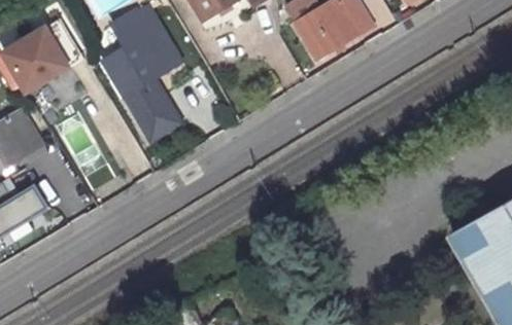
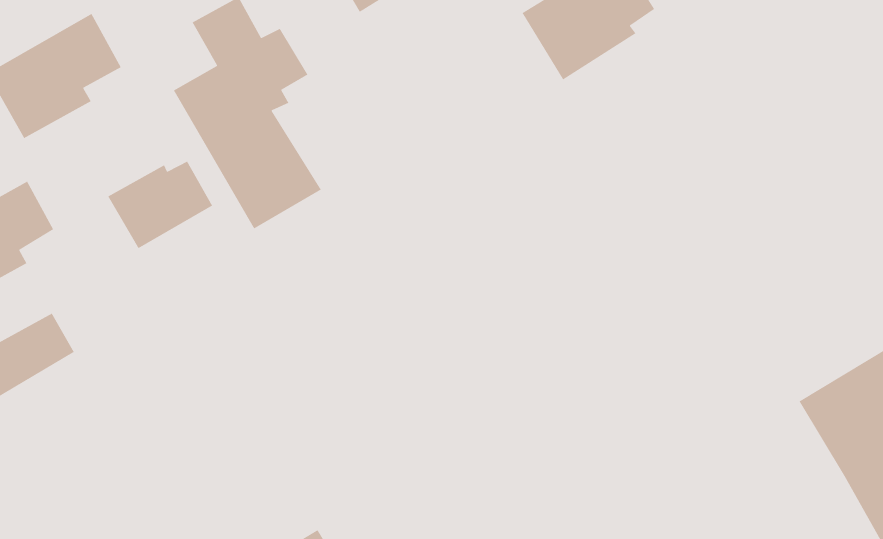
building: none -> [107,161,213,249]

